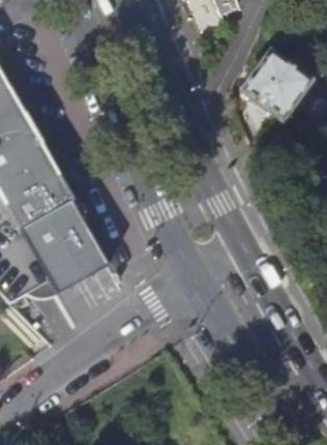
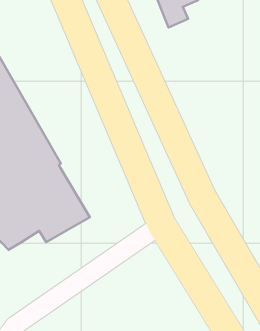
building: [245,49,310,115] -> none

